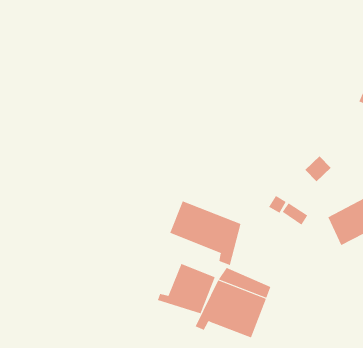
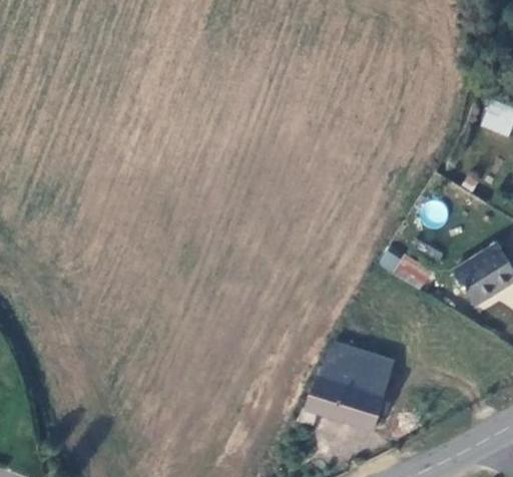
building: [169,200,241,266] -> none
building: [157,263,215,314] -> none

